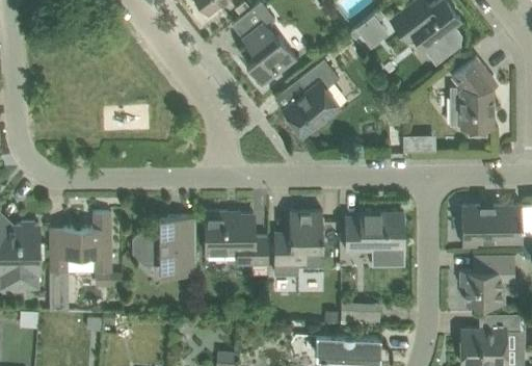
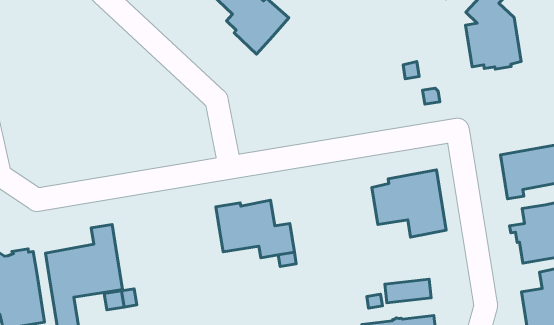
building: [283,59,340,136] -> none
building: [274,212,323,273] -> none
building: [133,217,195,276] -> none

